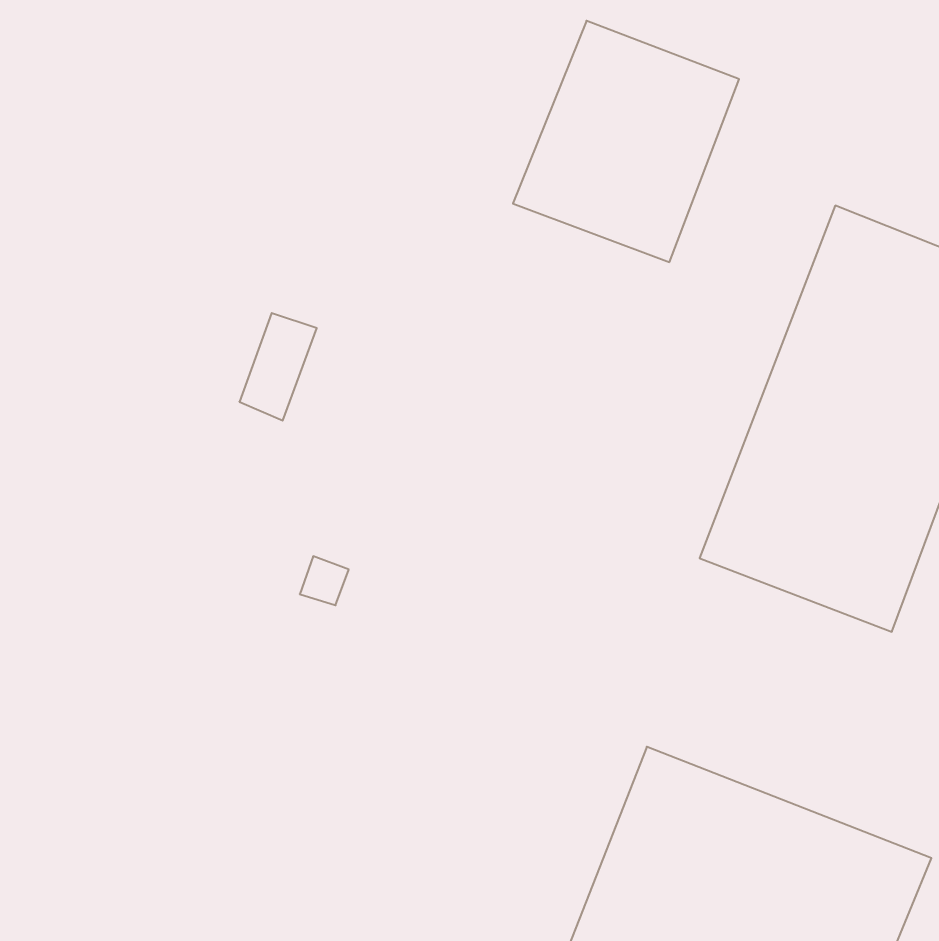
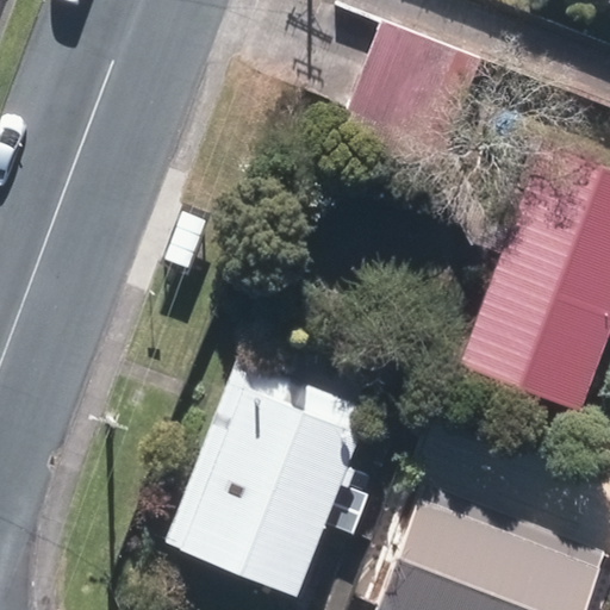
building: none -> [180,390,375,598]

